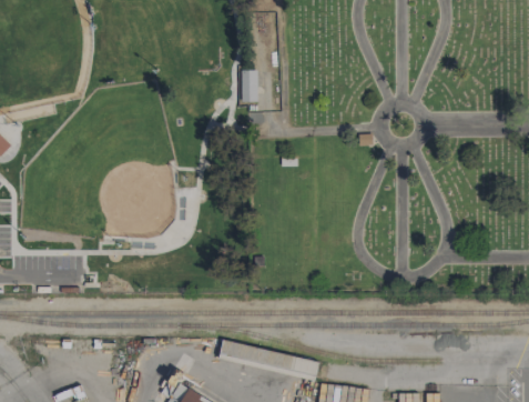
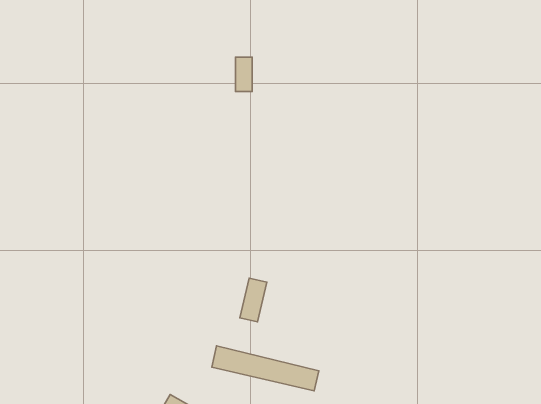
building: none -> [240,278,267,322]

